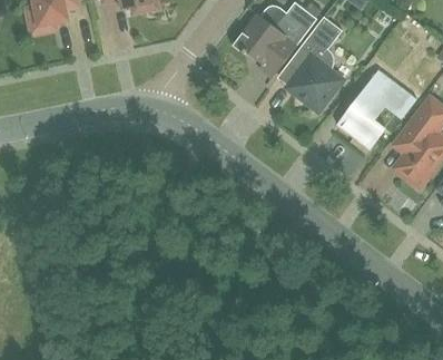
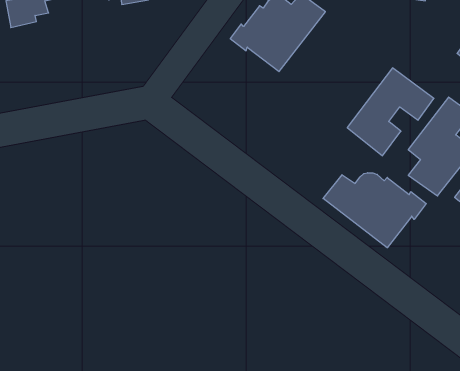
building: [288,17,343,110] -> none
building: none -> [323,173,426,248]

